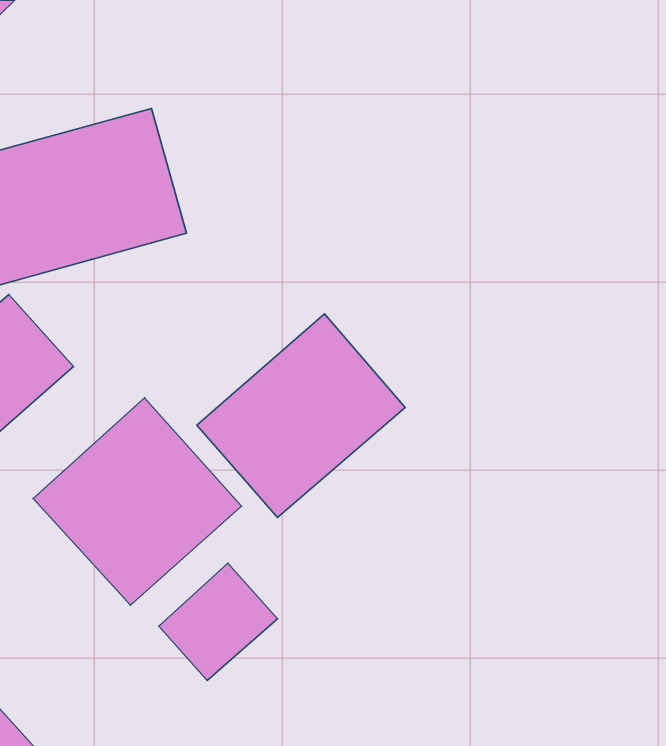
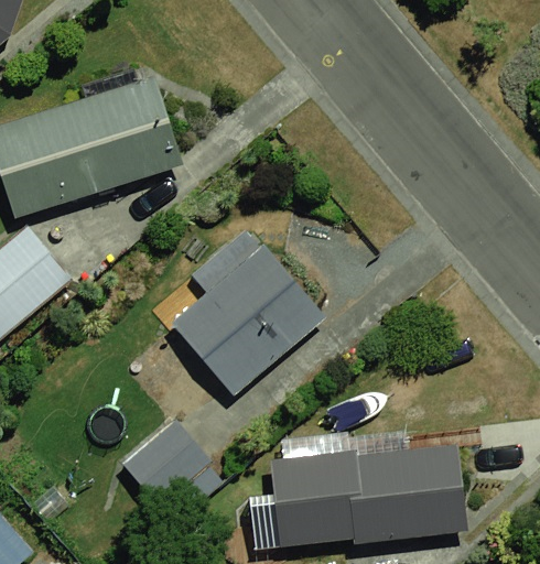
building: [33,398,241,605] -> none
building: none -> [246,445,467,550]

